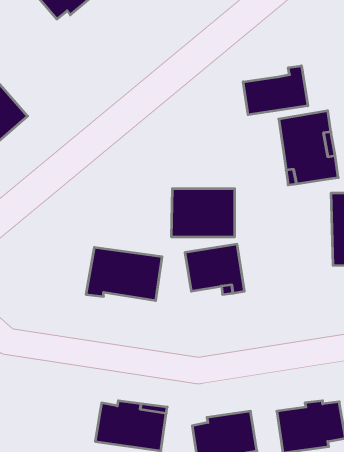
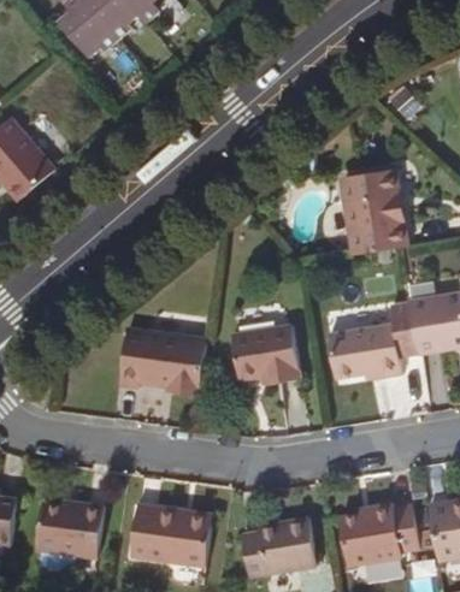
building: [243,66,308,115] -> none
building: [171,189,235,237] -> [325,304,399,360]
building: none -> [35,498,104,552]

